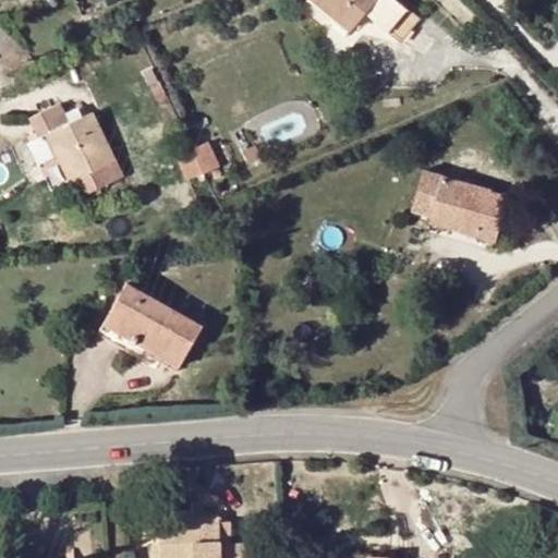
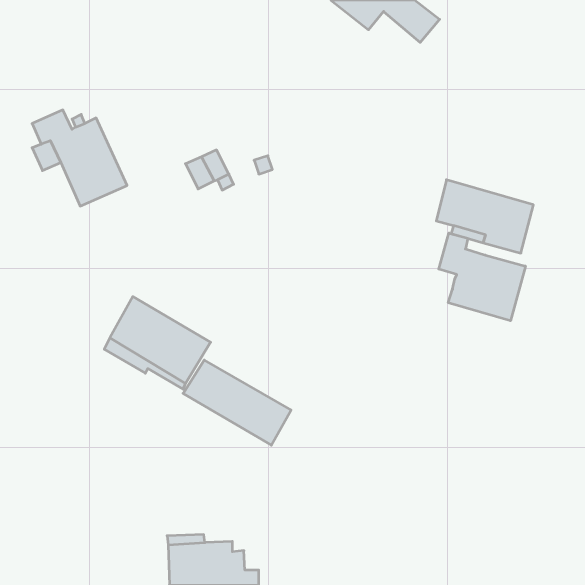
building: none -> [439,233,525,321]
building: none -> [183,360,291,445]

